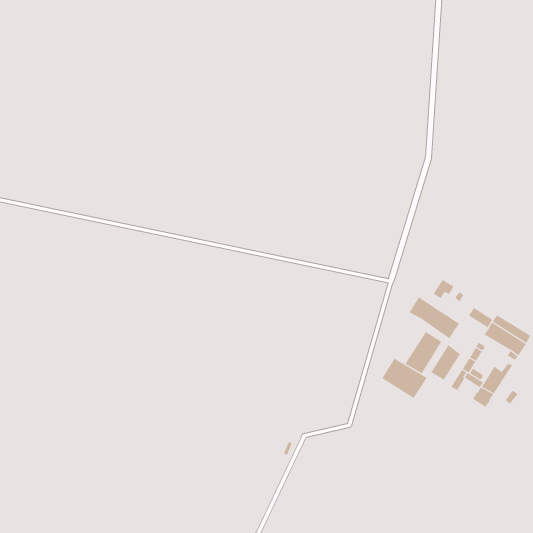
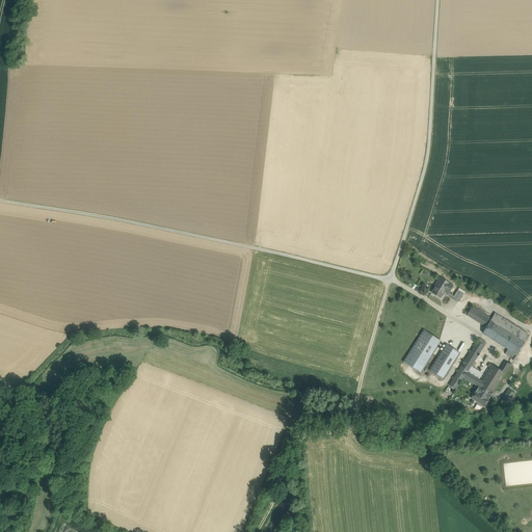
building: [409,297,461,339] -> none
building: [382,358,428,399] -> none

